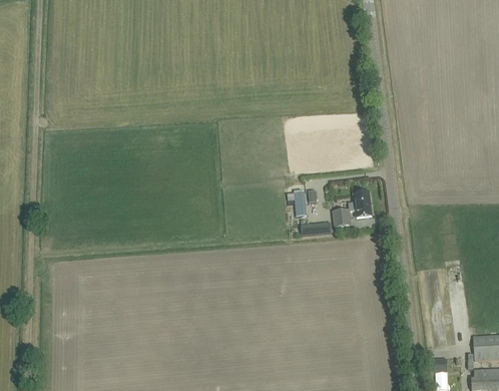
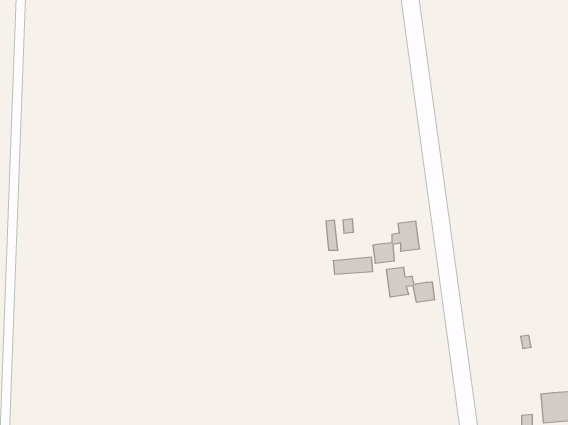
building: none -> [386,267,435,302]

